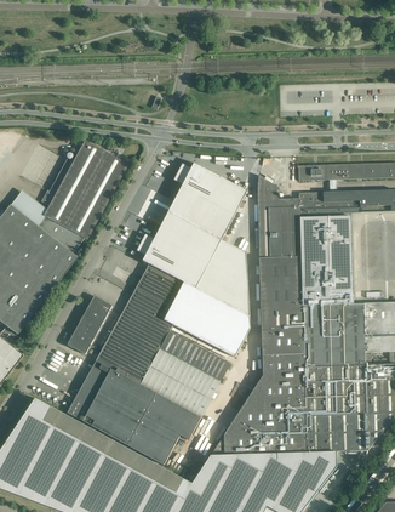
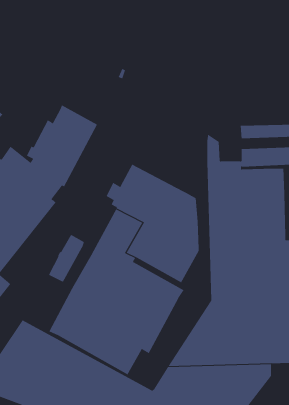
building: [168,163,247,239] -> none

